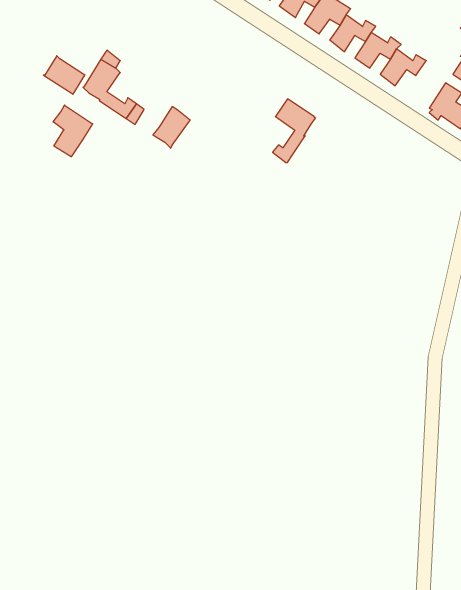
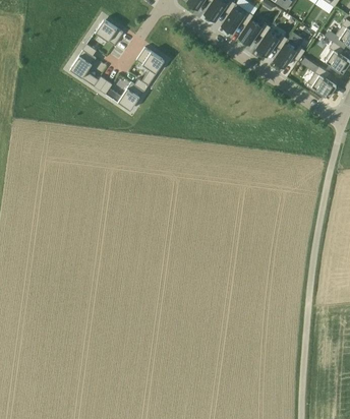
building: [43,56,85,94] -> [95,18,123,45]
building: [273,99,316,163] -> [134,47,164,91]
building: [53,105,93,157] -> none

